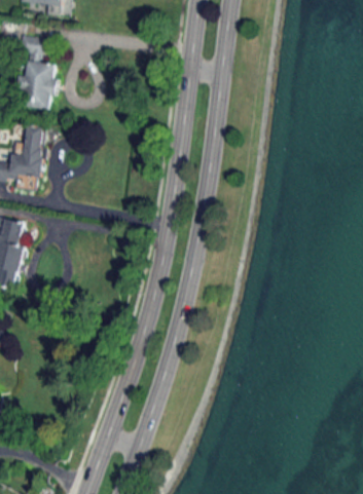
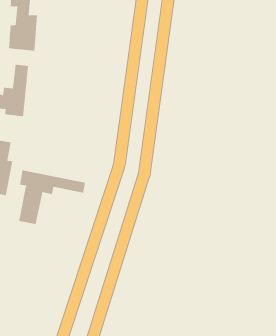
building: none -> [18,169,85,225]

